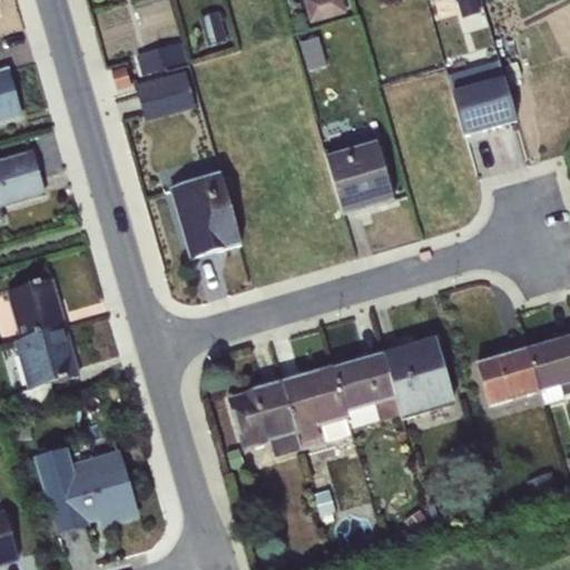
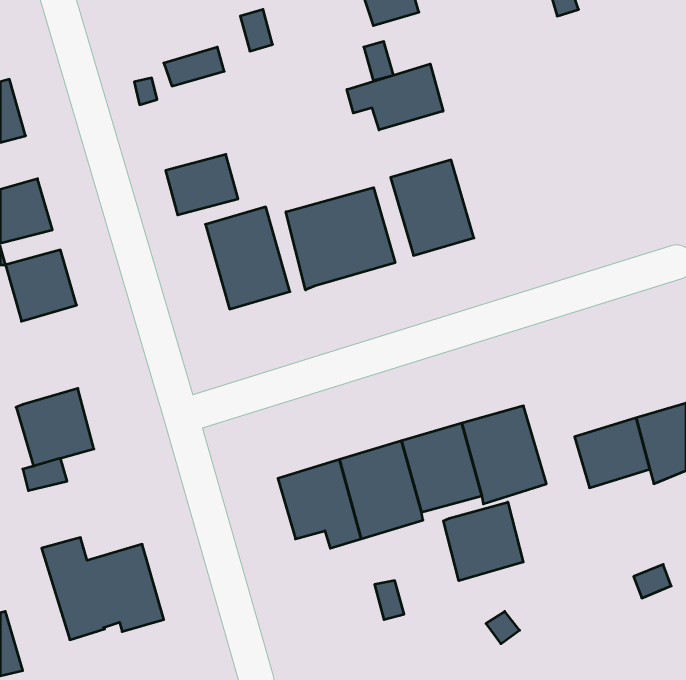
building: none -> [347,64,443,130]
building: [449,57,515,132] -> none
building: [135,67,195,117] -> [166,154,238,215]
building: none -> [286,188,395,290]
building: [6,276,65,335] -> [5,250,77,321]
building: none -> [443,502,523,581]

